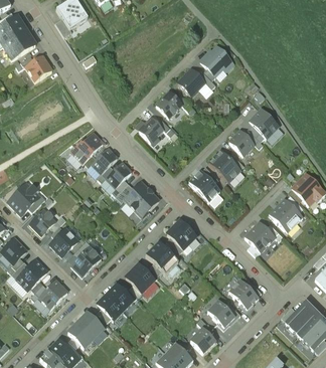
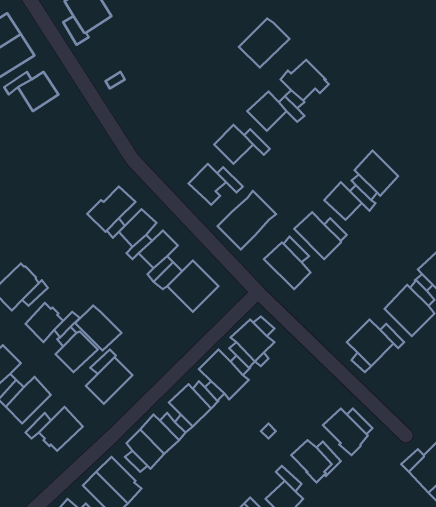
building: none -> [239,19,290,67]
building: none -> [218,191,276,249]
building: none -> [75,306,122,350]

